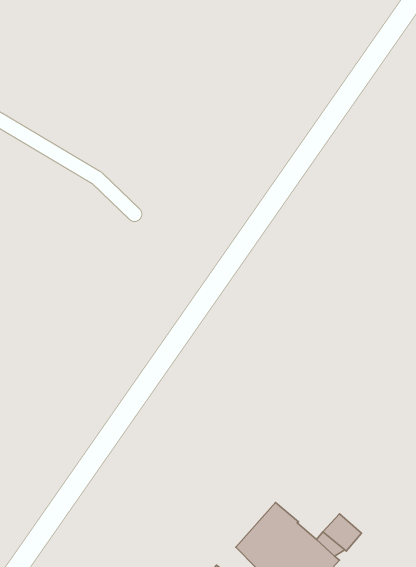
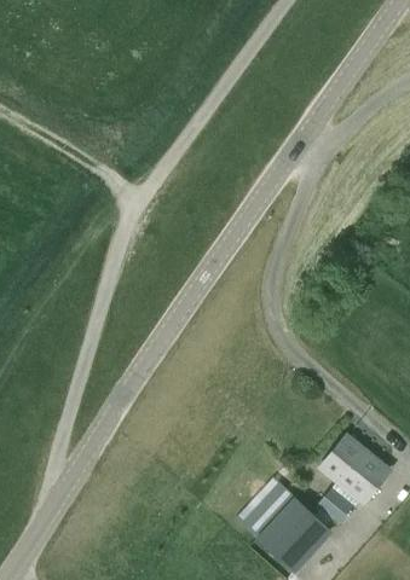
building: none -> [319,435,391,503]

